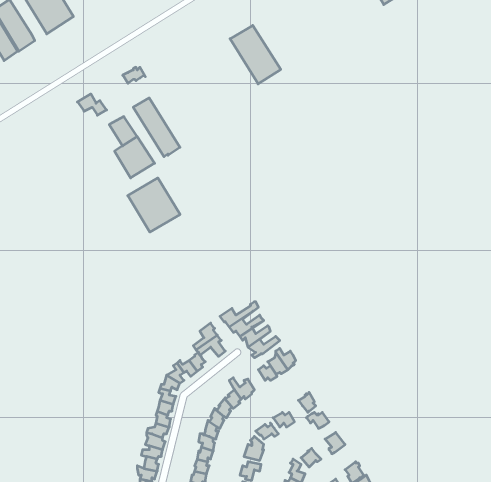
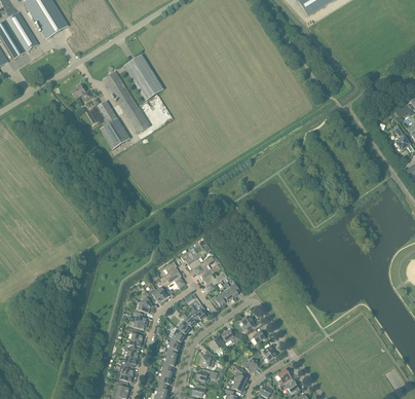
building: [230,25,281,84] -> [124,55,163,100]
building: [128,178,180,232] -> none

